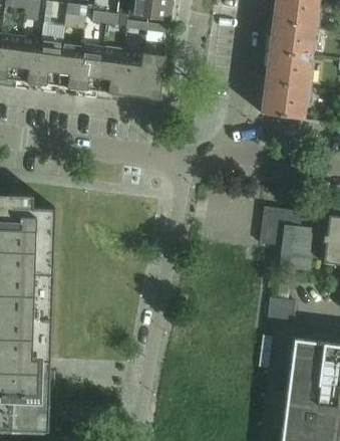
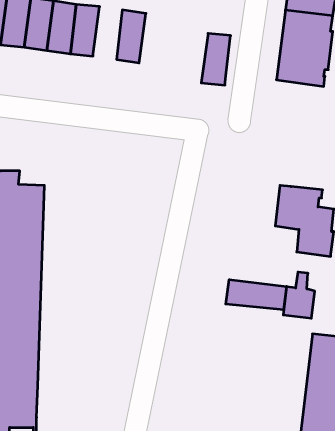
building: [97,47,123,94] -> none
building: [138,53,164,99] -> [201,33,231,85]
building: none -> [226,280,287,310]

